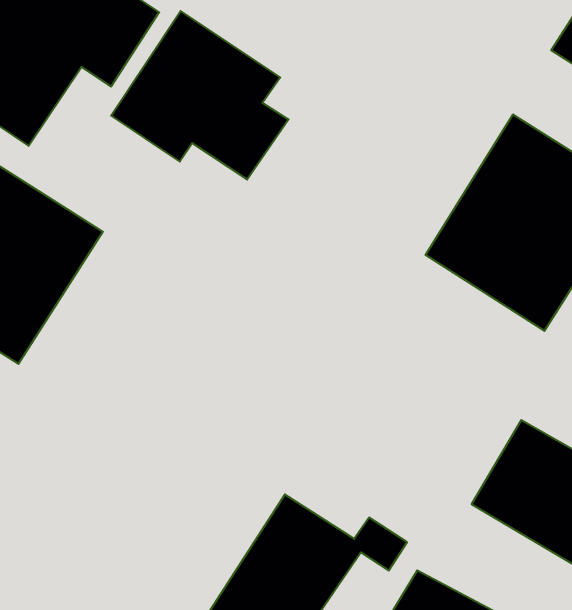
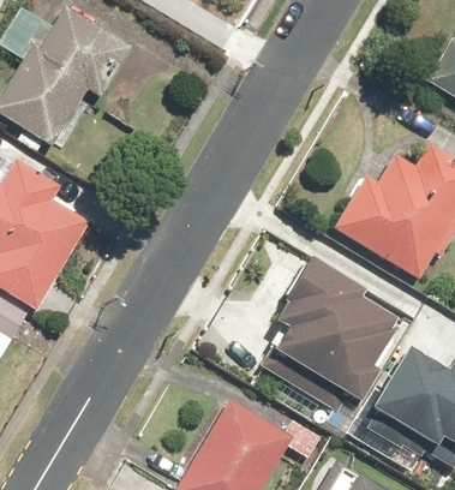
building: [111,11,289,180] -> none
building: none -> [264,253,409,413]

